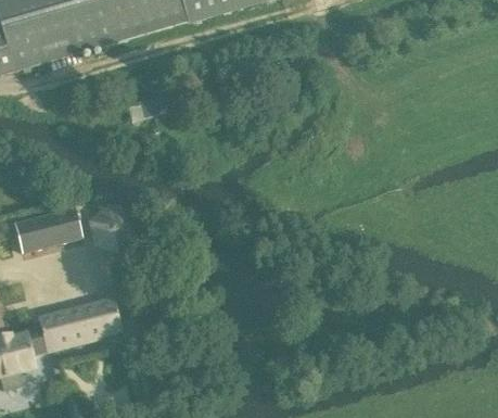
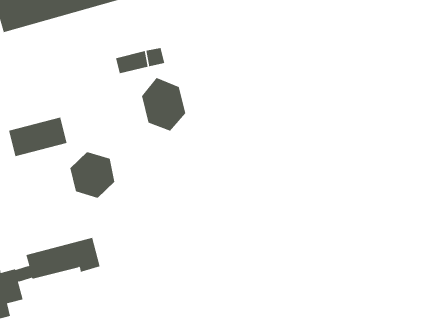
building: none -> [141,77,186,131]
building: [14,210,80,254] -> [8,117,68,157]

